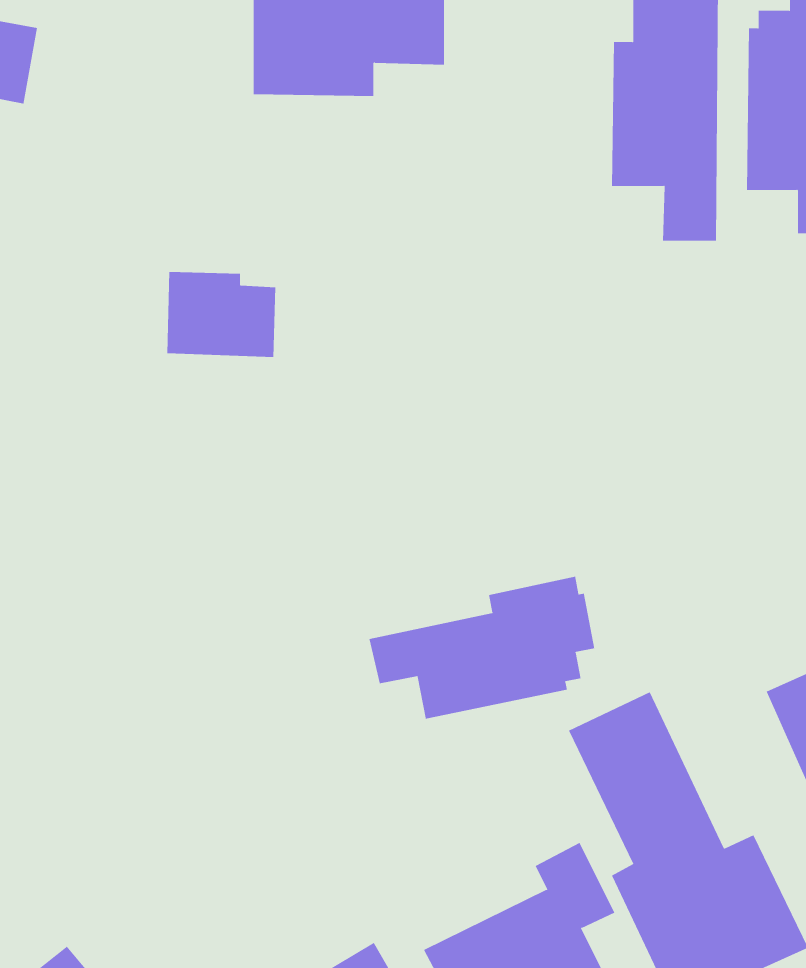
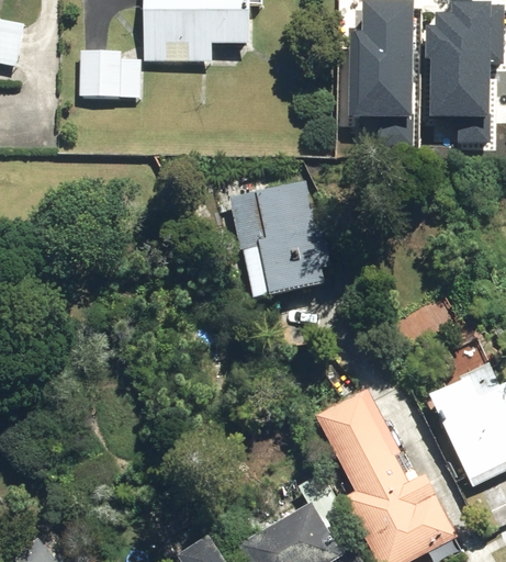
building: [166,271,276,358] -> [80,50,142,99]
building: none -> [233,180,335,299]
building: [369,576,595,720] -> none

